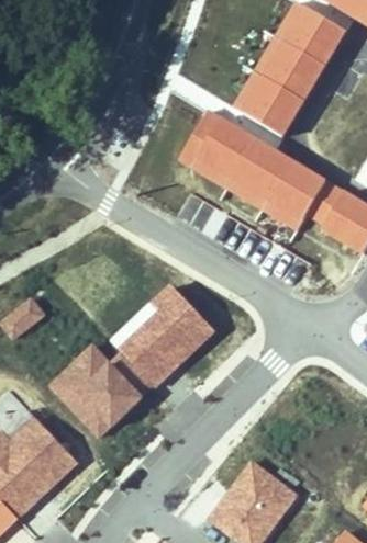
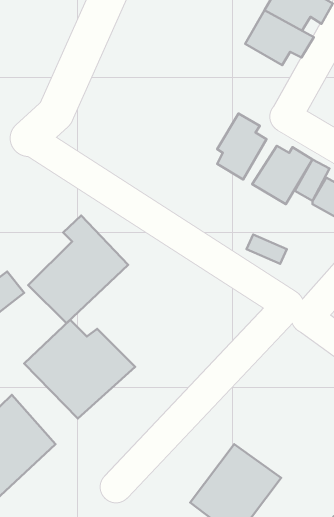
building: [242,72,309,126] -> none
building: [179,111,249,174] -> none
building: [116,282,214,387] -> [28,216,128,323]

